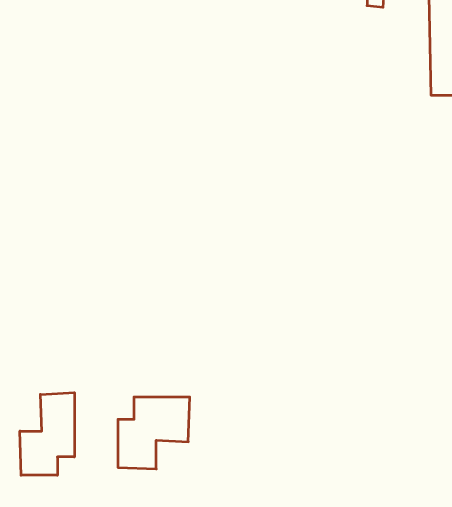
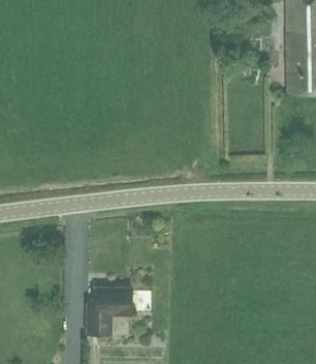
building: [20,393,74,475] -> none

